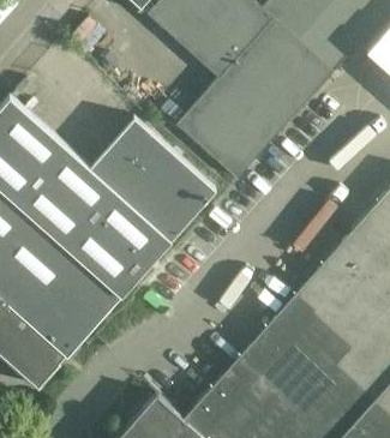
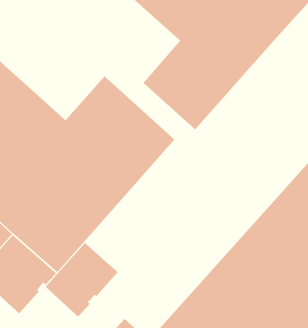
building: none -> [45,242,118,318]

